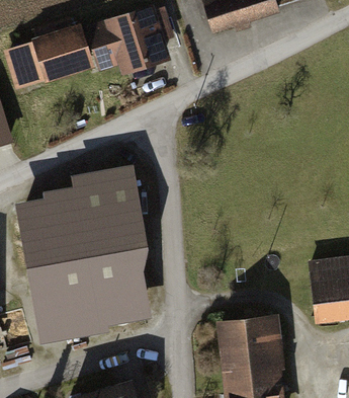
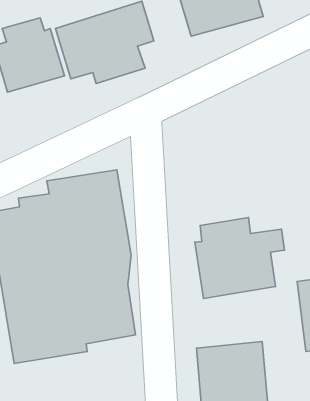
building: none -> [195,217,284,299]

